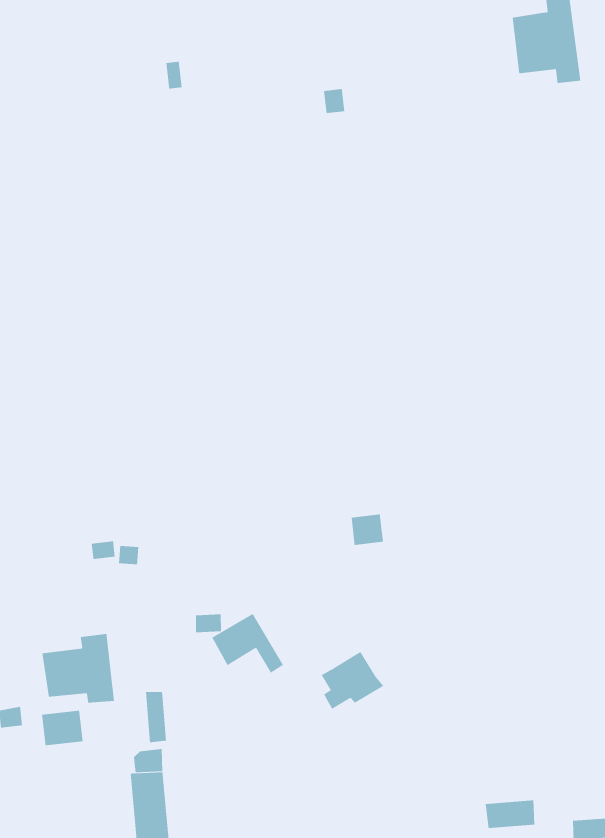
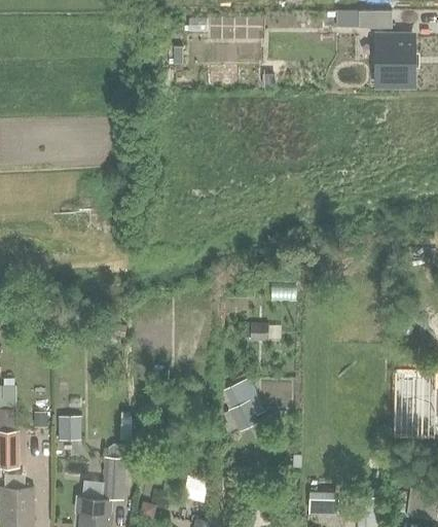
building: [211,613,284,673] -> [223,381,263,417]
building: [42,633,115,704] -> none

